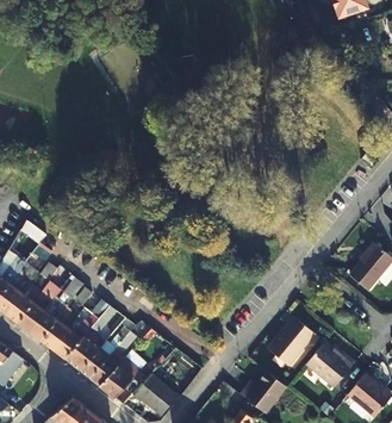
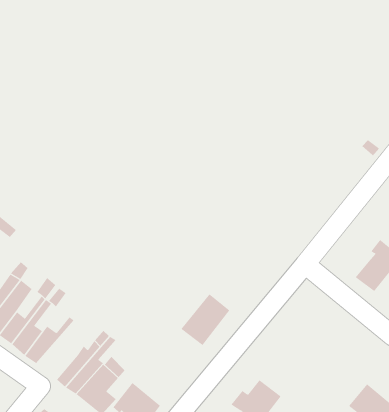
building: [63,313,111,373] -> none
building: [267,318,312,366] -> [180,294,230,346]
building: [305,346,350,388] -> none

